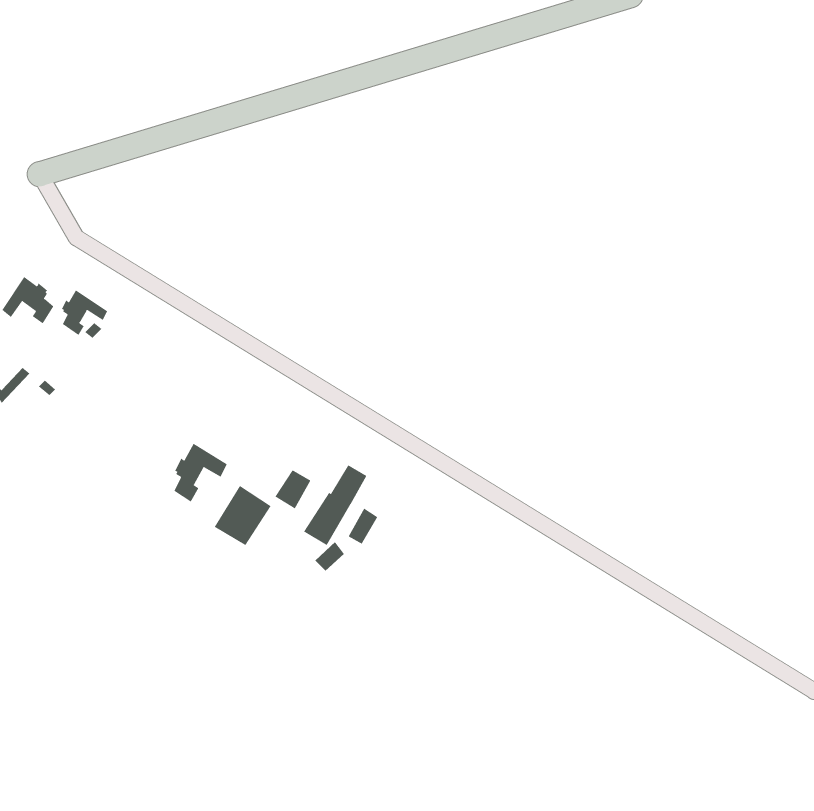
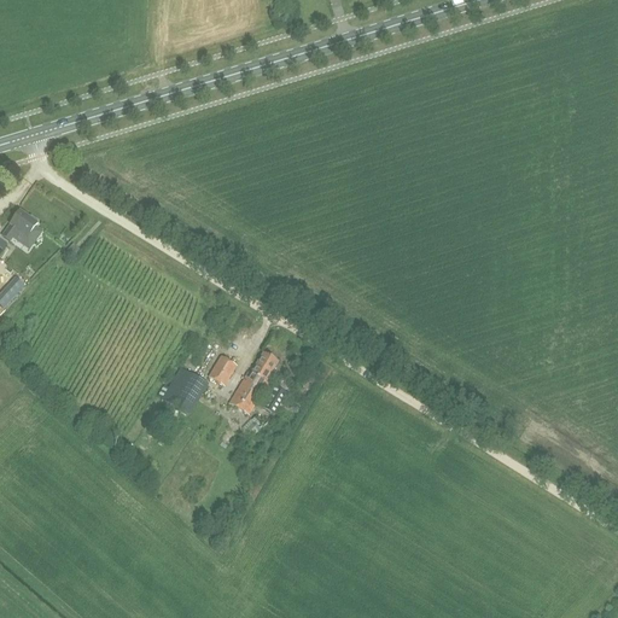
building: [61,290,108,336] -> none
building: [174,443,228,503] -> none

